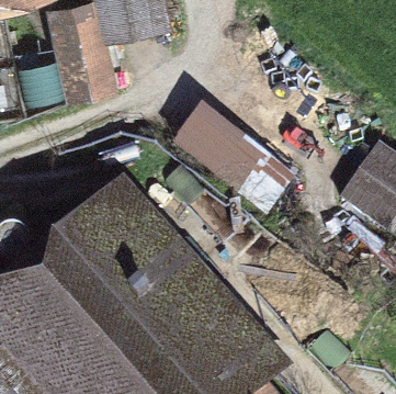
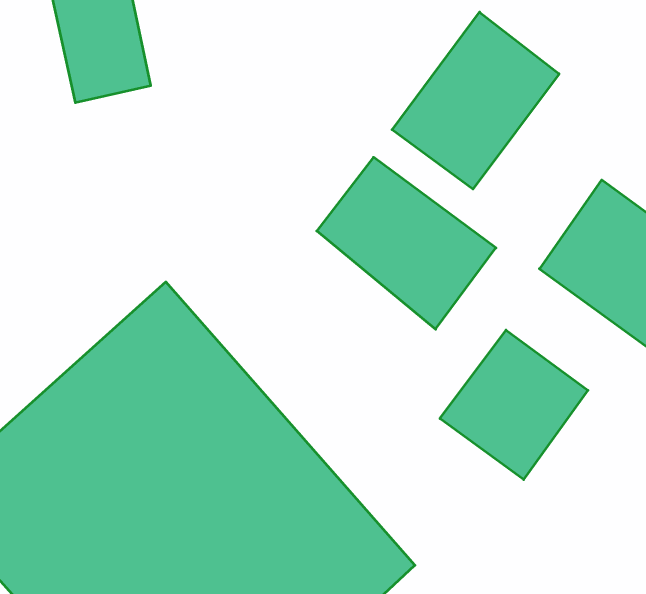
building: none -> [392,12,559,189]
building: none -> [440,330,588,480]

